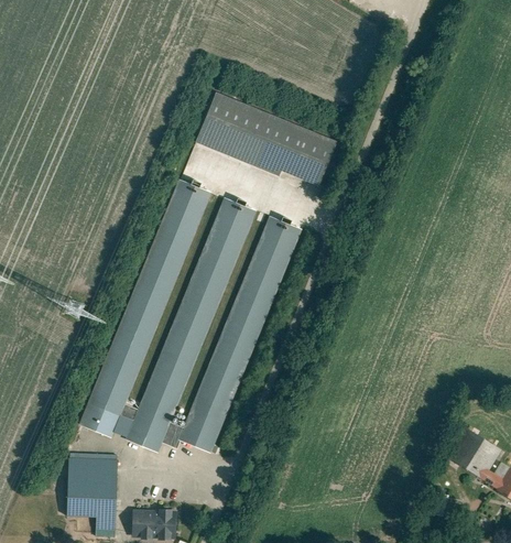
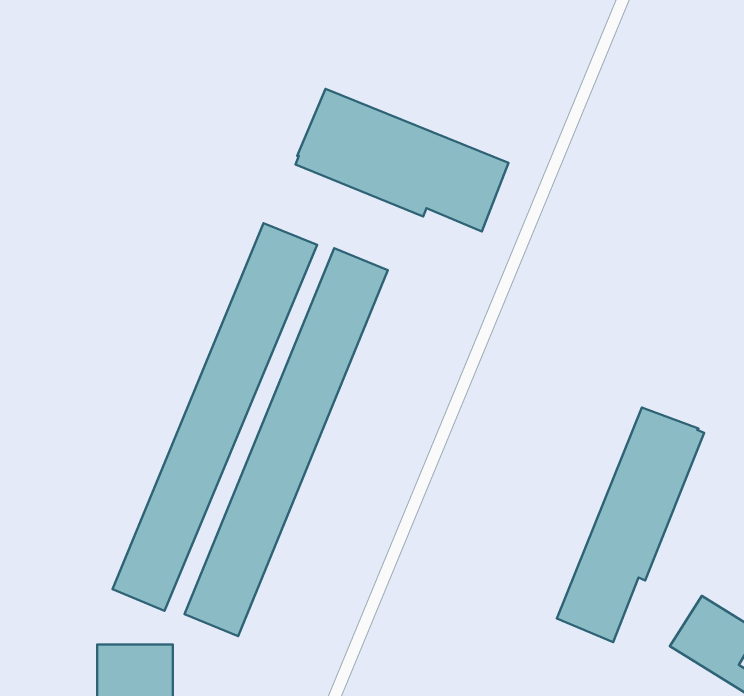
building: [177,216,302,454] -> none
building: none -> [557,407,704,642]

